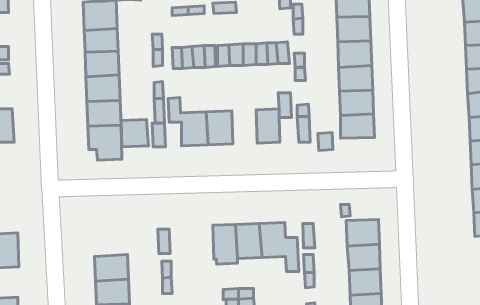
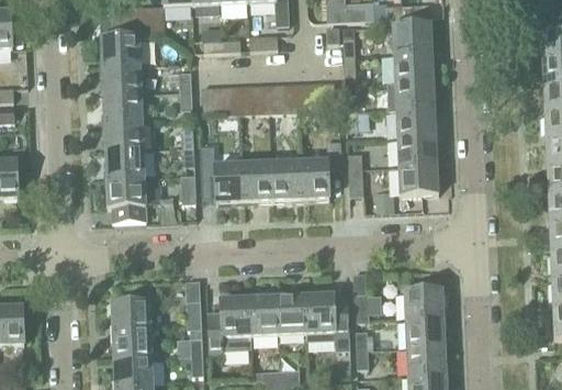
building: none -> [272,161,302,201]
building: none -> [207,296,251,355]
building: none -> [112,301,151,332]

